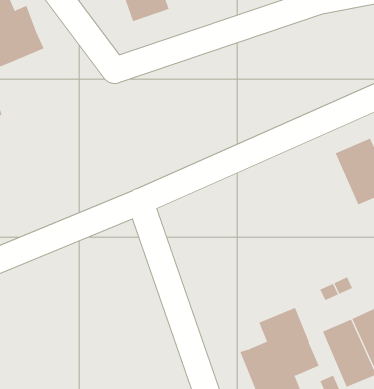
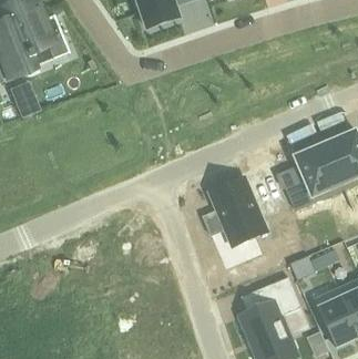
building: none -> [283,142,342,208]
building: none -> [202,176,267,246]

